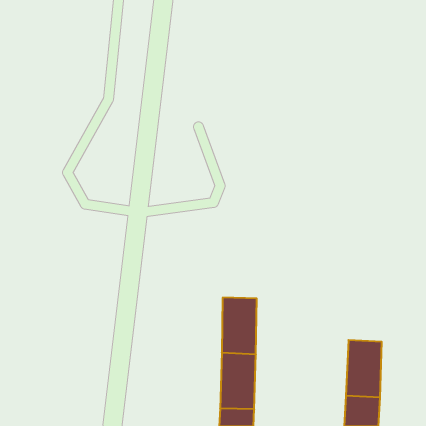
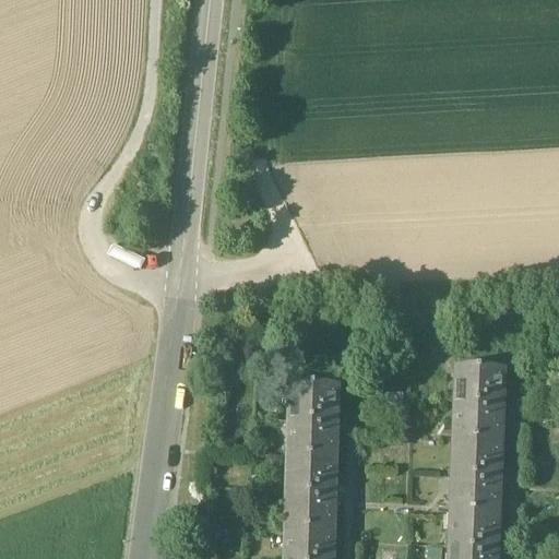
building: none -> [456,372,503,448]

